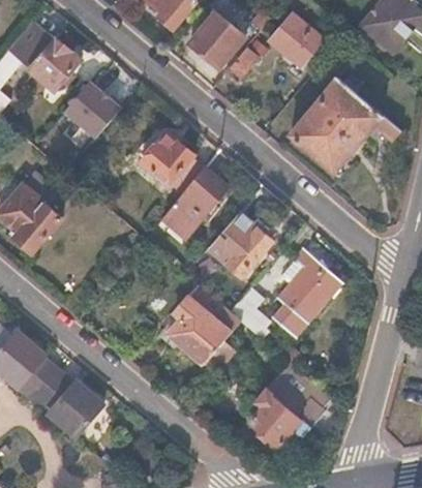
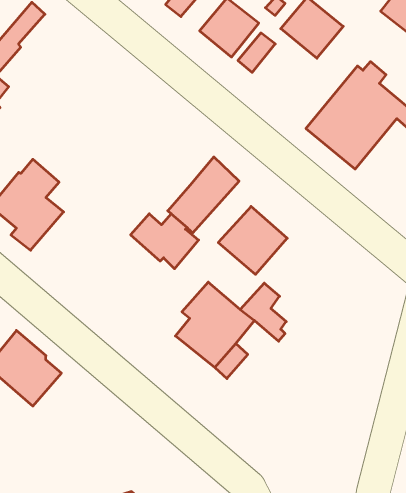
building: [19,31,80,90] -> none
building: [67,75,124,132] -> none
building: [139,141,203,192] -> [131,214,199,269]
building: [274,247,341,336] -> none
building: [248,361,331,445] -> none
building: [32,369,104,437] -> none

